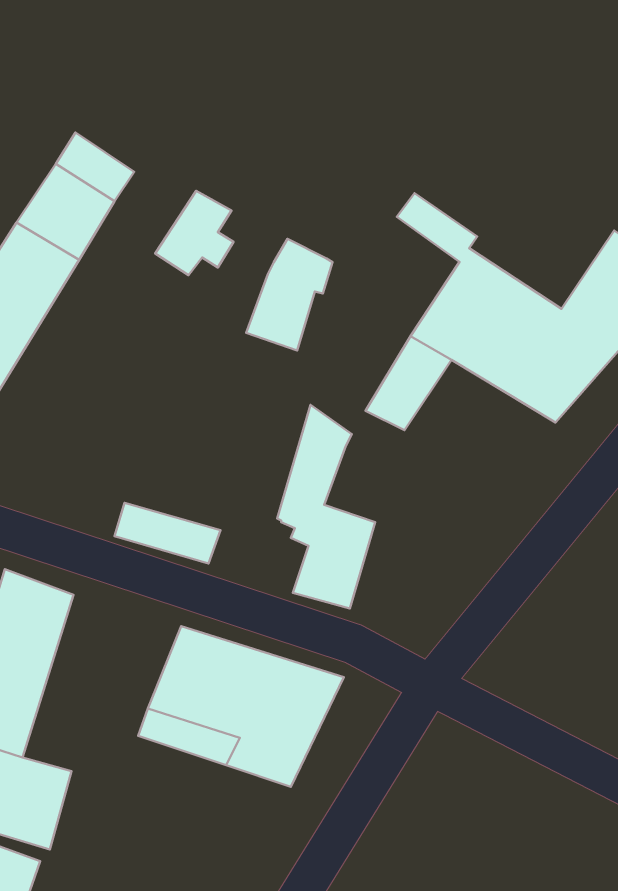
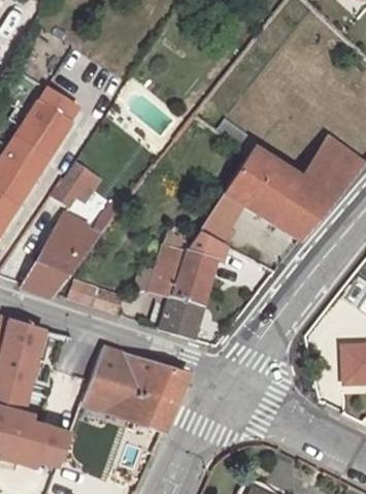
building: [155,191,234,275] -> [54,161,95,205]
building: [246,239,333,350] -> [178,232,224,291]
building: none -> [24,213,102,298]
building: none -> [34,422,71,468]

